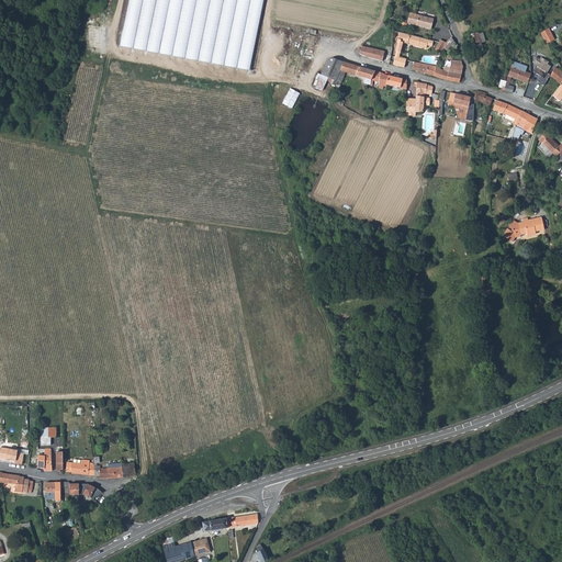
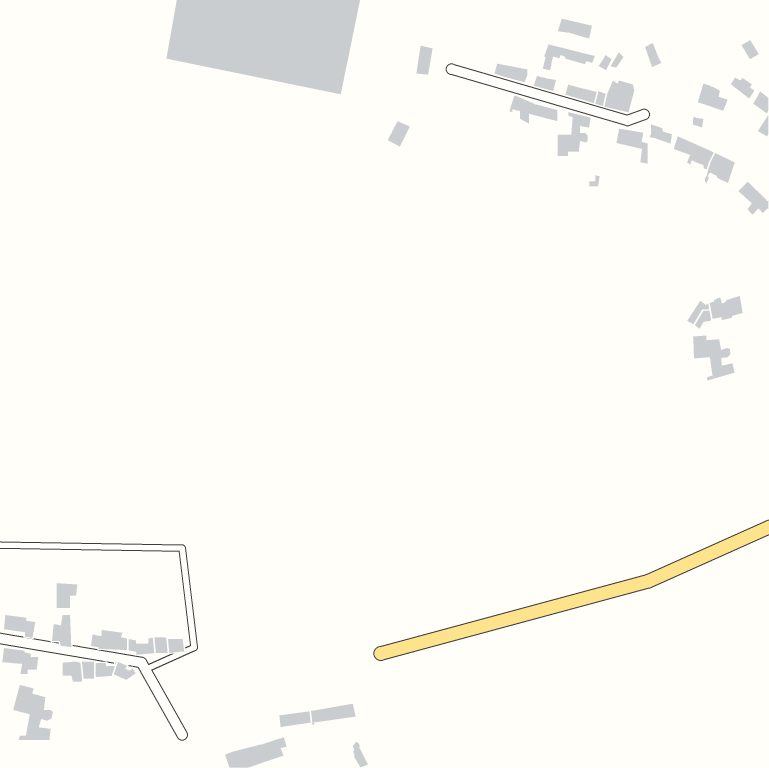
building: [321,58,374,85] -> none
building: none -> [693,335,735,381]
building: none -> [12,684,54,741]

